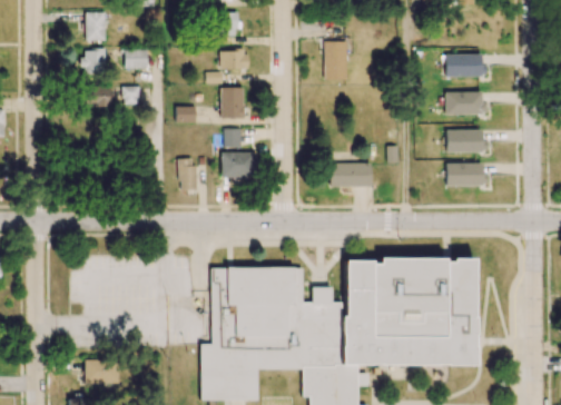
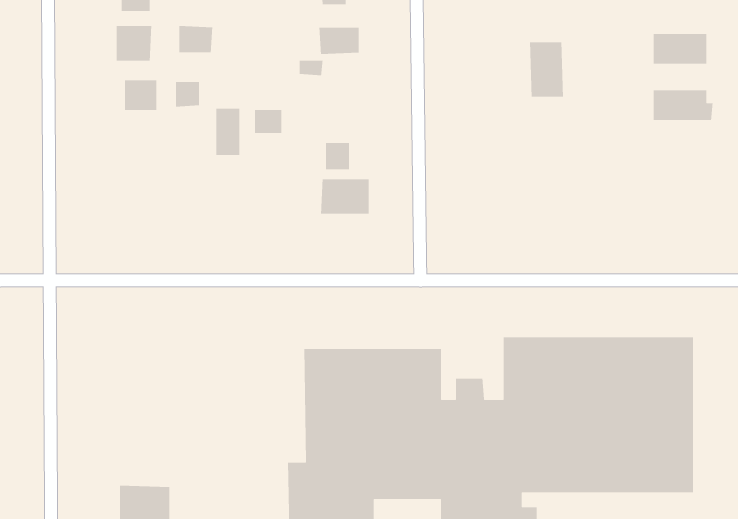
building: [325,41,348,79] -> [529,42,564,98]
building: [222,87,244,117] -> none
building: [446,129,484,151] -> none
building: [180,158,197,190] -> [216,108,240,156]
building: [329,162,372,187] -> none
building: [446,164,484,185] -> none

